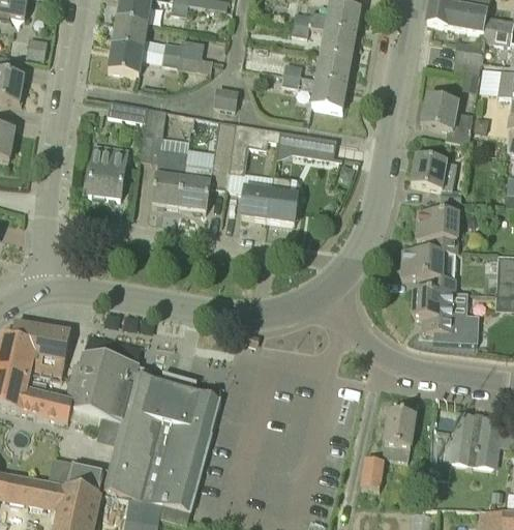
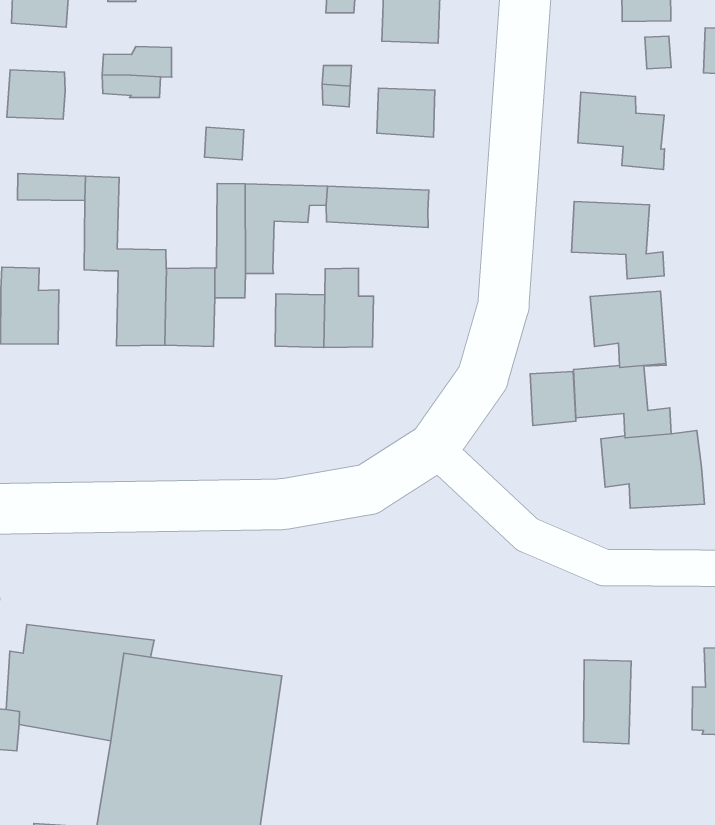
building: [113,17,147,48] -> none
building: [315,53,352,84] -> none
building: none -> [530,371,576,425]
building: [361,457,384,489] -> none

